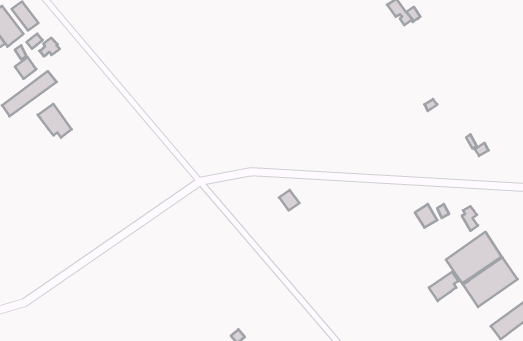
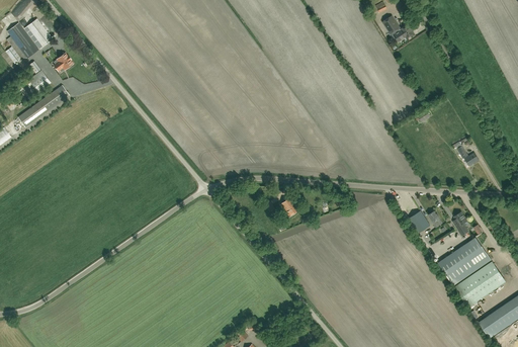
building: [38,104,72,138] -> none
building: [429,272,458,301] -> none

